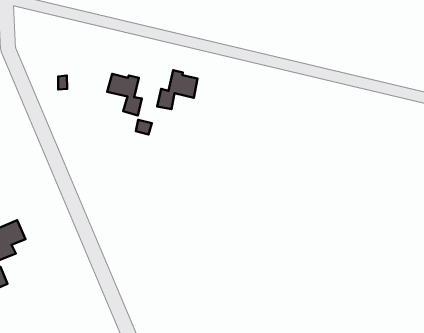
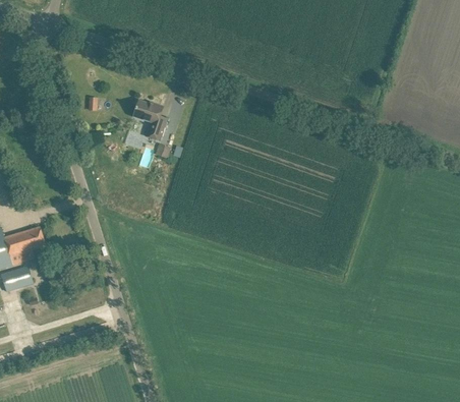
building: [157,70,198,109] -> none

